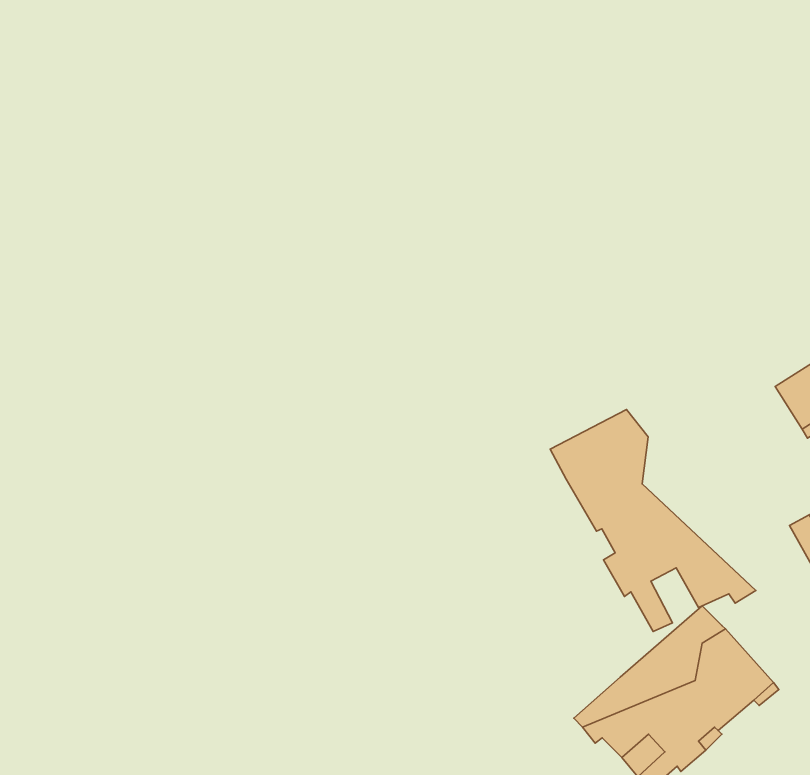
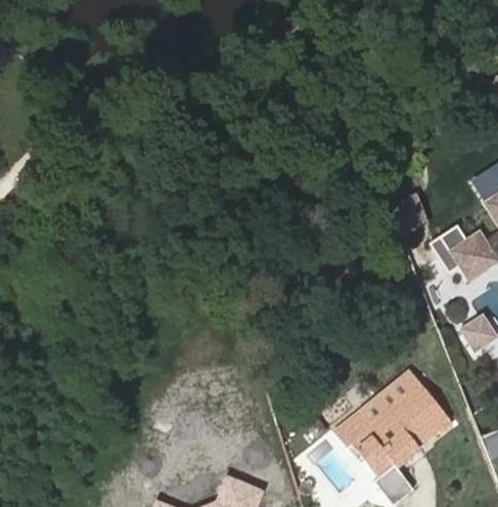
building: [550,409,756,631] -> none

